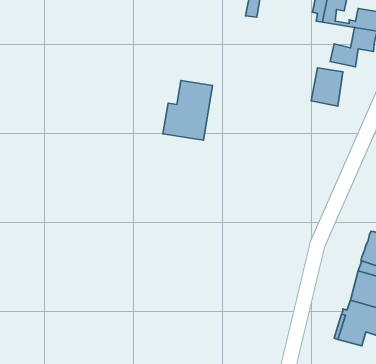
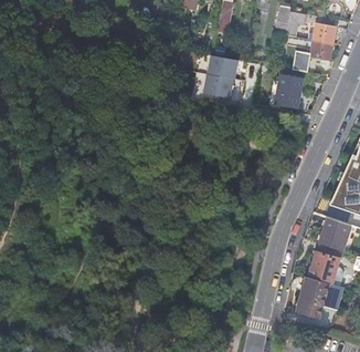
building: [163,80,212,140] -> [195,52,239,104]

